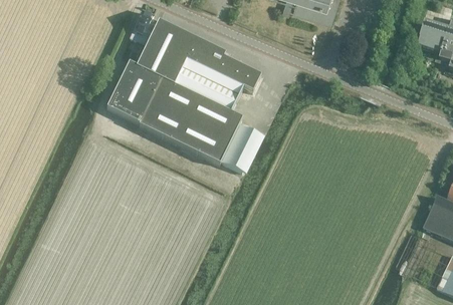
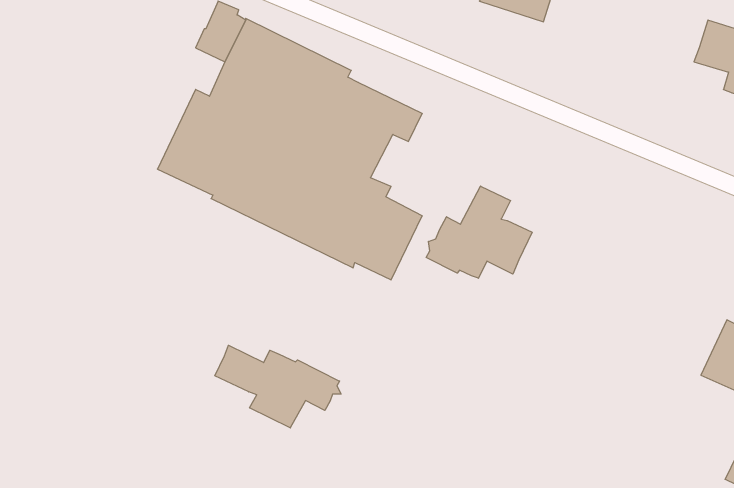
building: none -> [426,186,532,278]
building: none -> [215,345,341,428]

